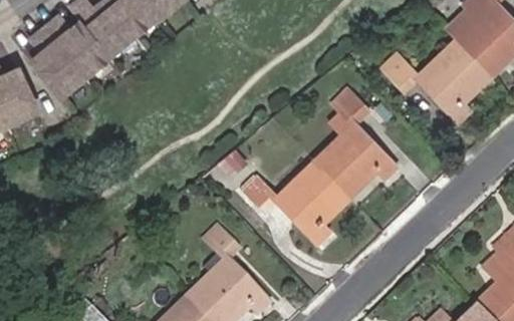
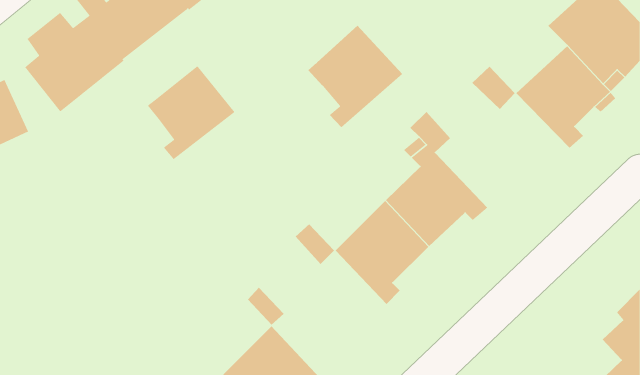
building: none -> [307,25,403,128]
building: none -> [147,65,236,160]

